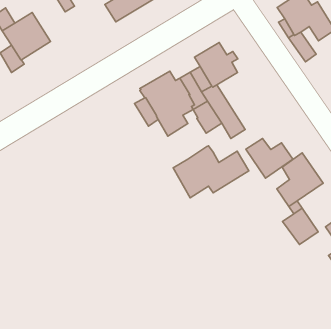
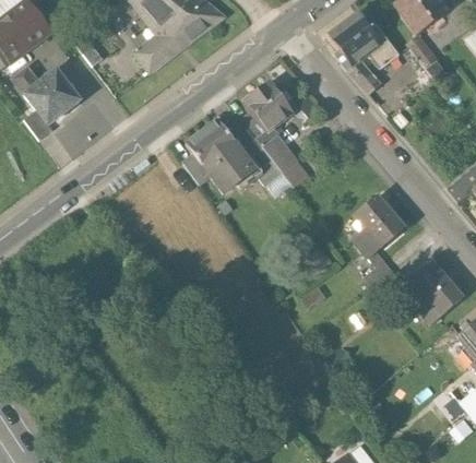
building: [246,139,293,178] -> none
building: [173,146,249,198] -> none

